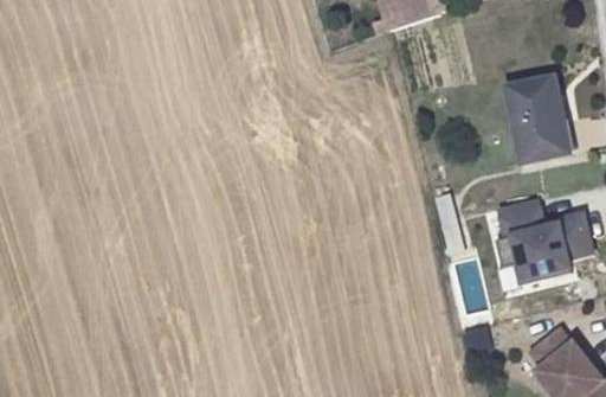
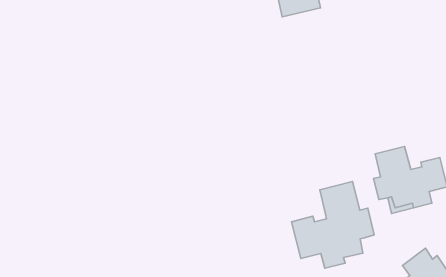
building: [508,75,566,161] -> none
building: none -> [292,182,374,268]

